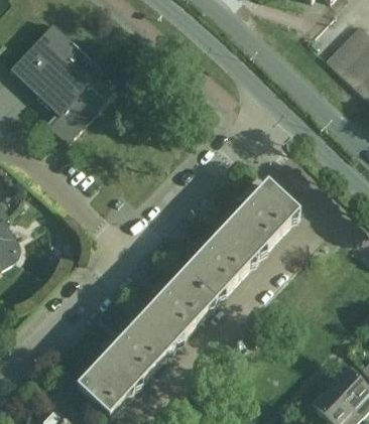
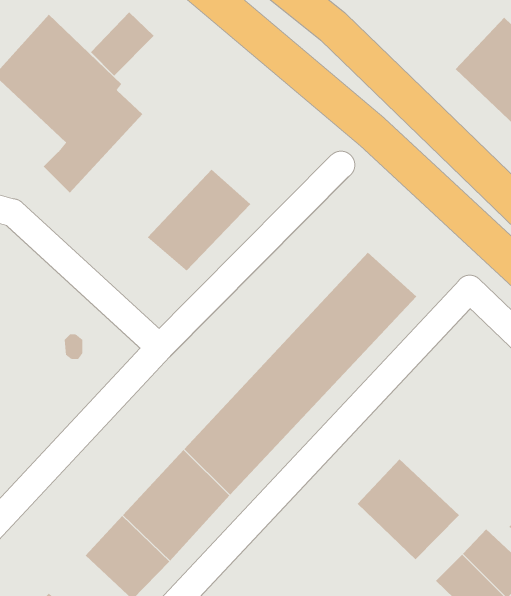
building: none -> [90,12,155,77]
building: none -> [147,169,251,272]
building: none -> [357,459,460,560]

